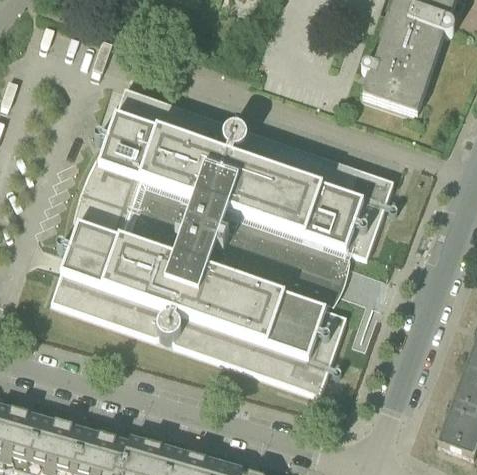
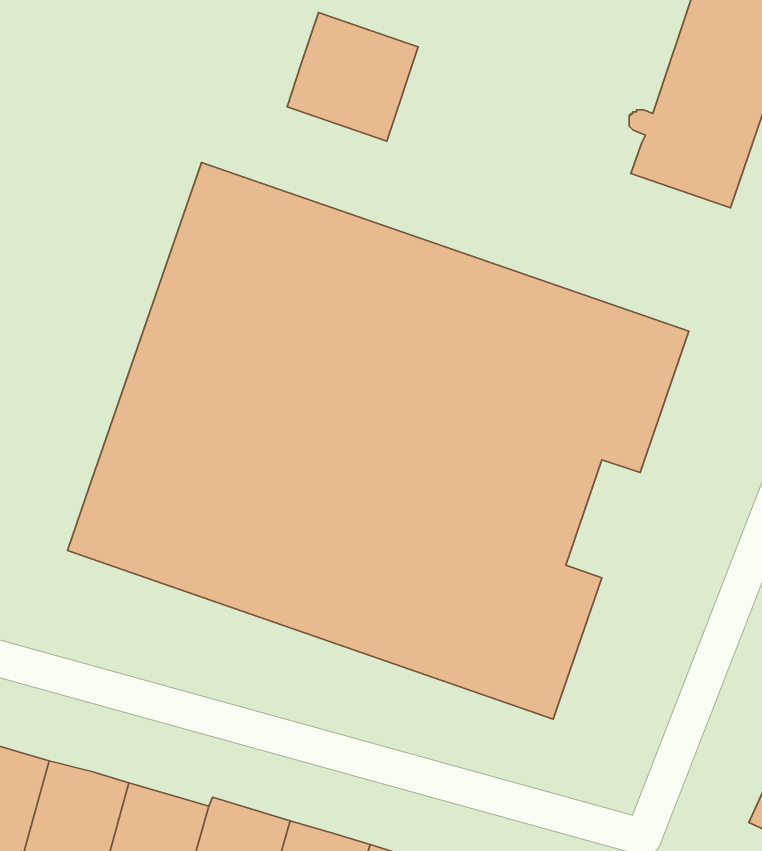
building: none -> [287,12,418,141]

